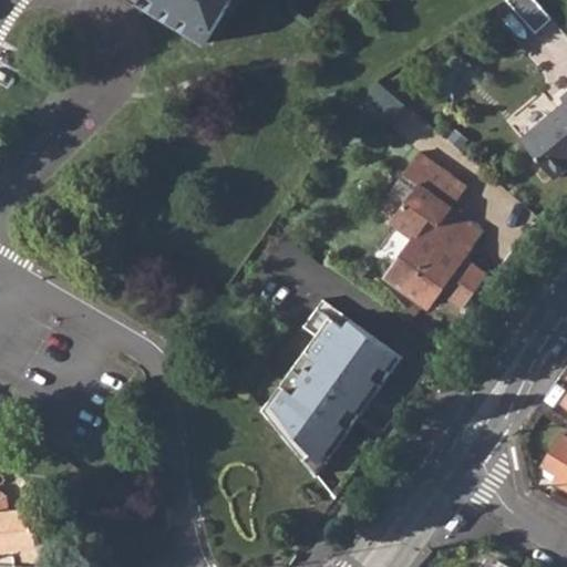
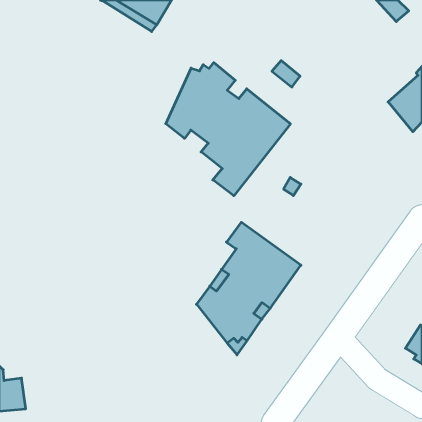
building: none -> [166,63,290,196]
building: [385,152,486,308] -> none

